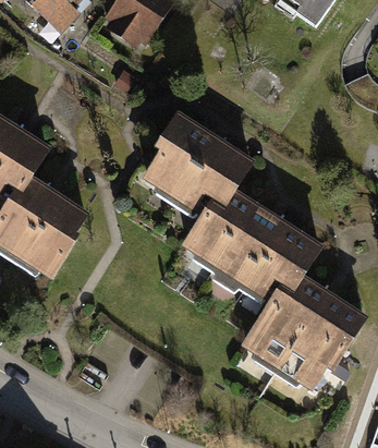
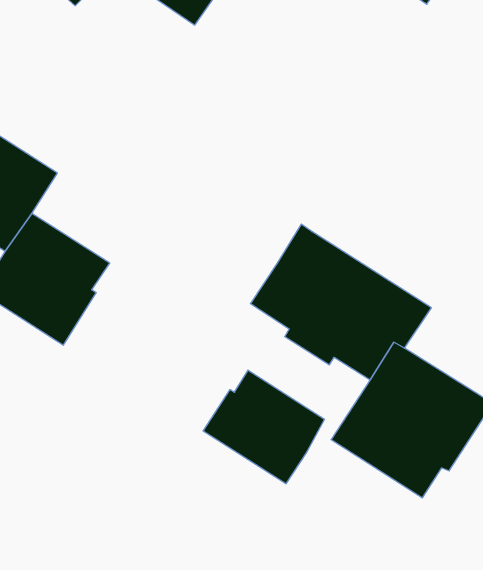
building: [146,119,249,217] -> none
building: none -> [203,370,324,484]

